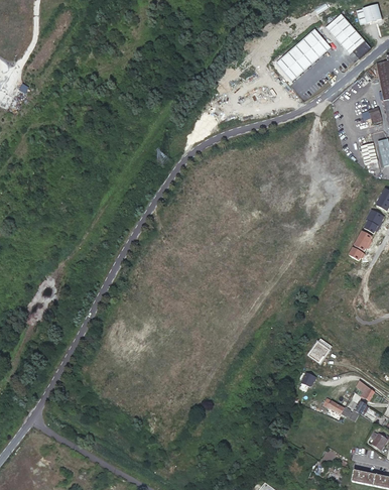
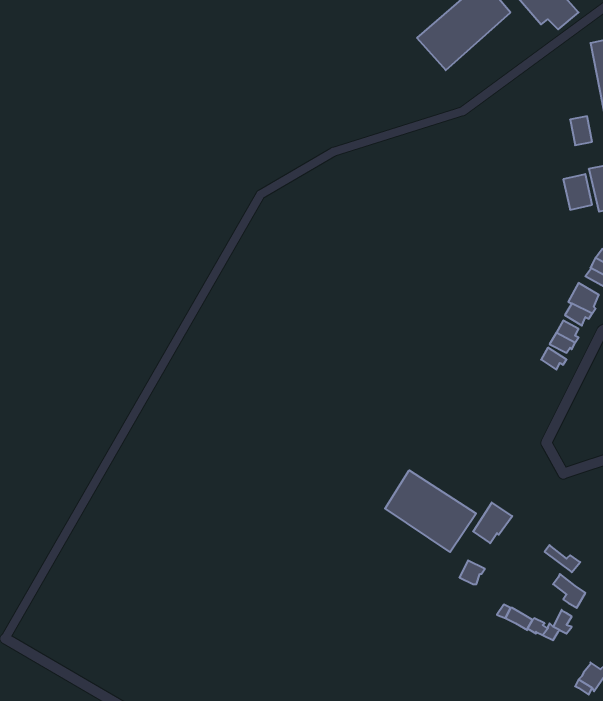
building: none -> [385,470,476,552]

